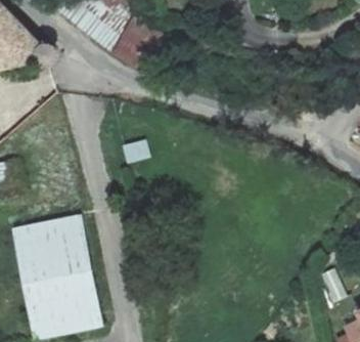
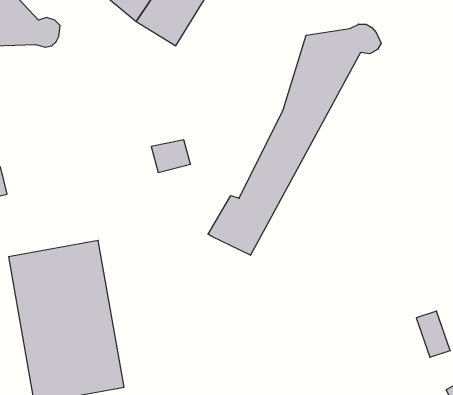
building: none -> [208,24,381,255]

